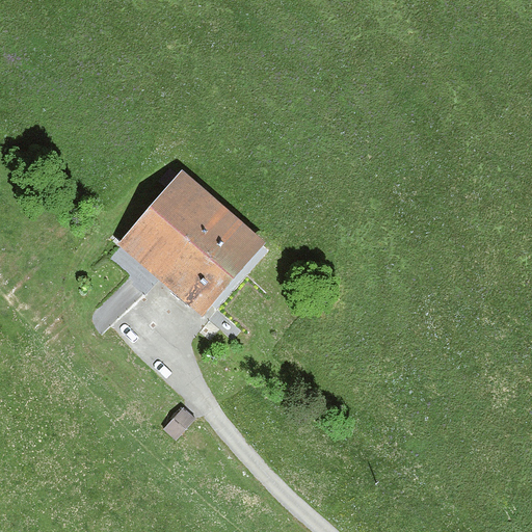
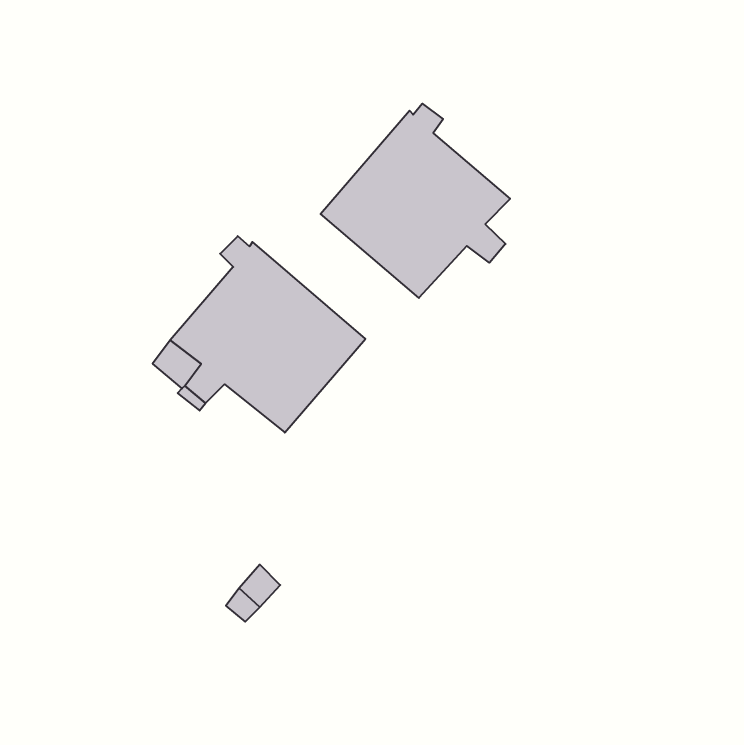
building: none -> [321,104,510,298]

